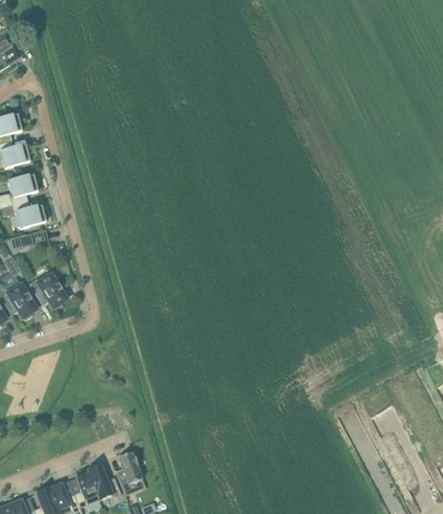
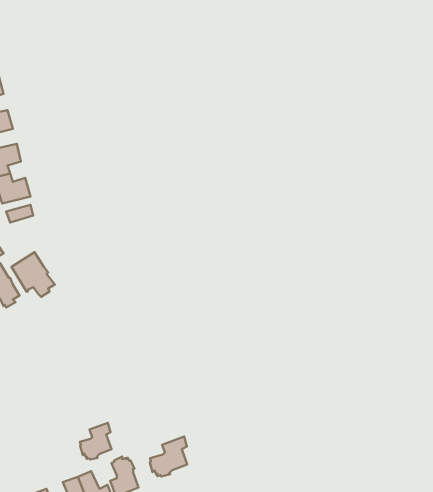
building: none -> [80,423,112,460]
building: none -> [150,437,187,476]

